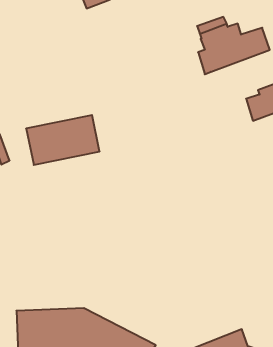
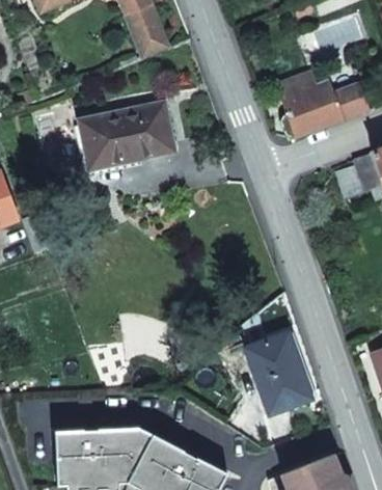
building: [26,115,100,165] -> [82,106,172,167]
building: none -> [245,334,310,414]

